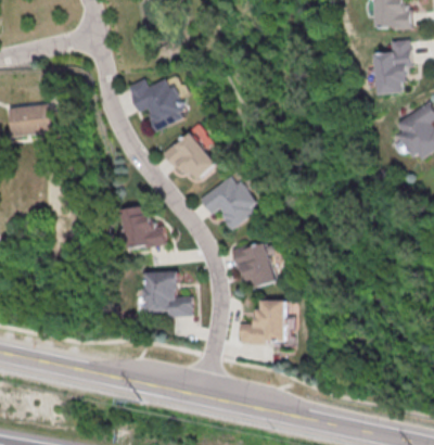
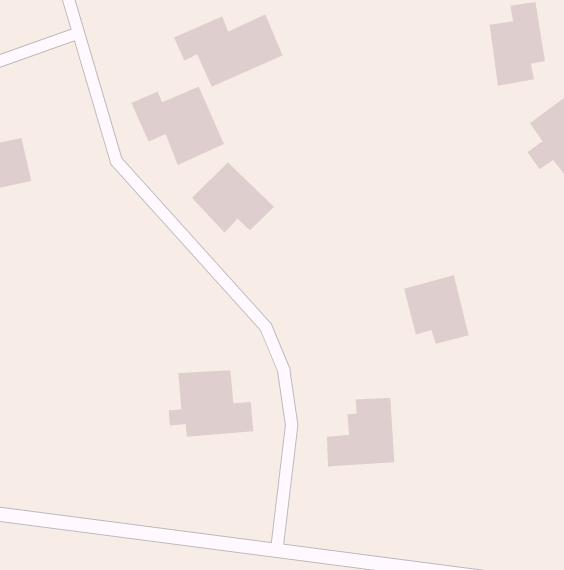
building: none -> [173,13,284,88]
building: [200,171,263,228] -> none
building: [117,203,164,251] -> none
building: [233,240,276,287] -> [403,275,469,345]

